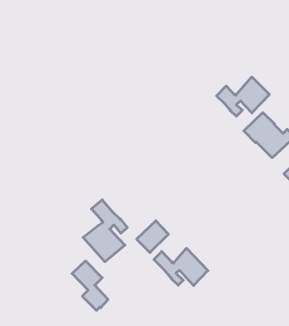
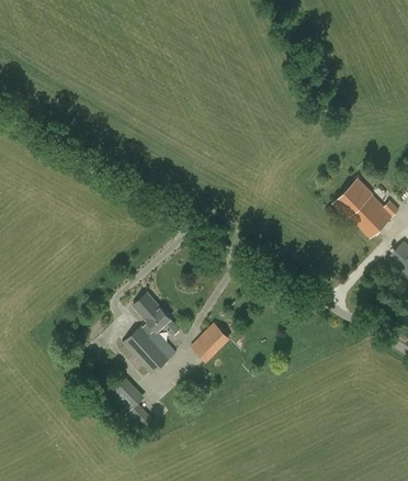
building: [217,77,269,116] -> none
building: [154,248,208,286] -> none

